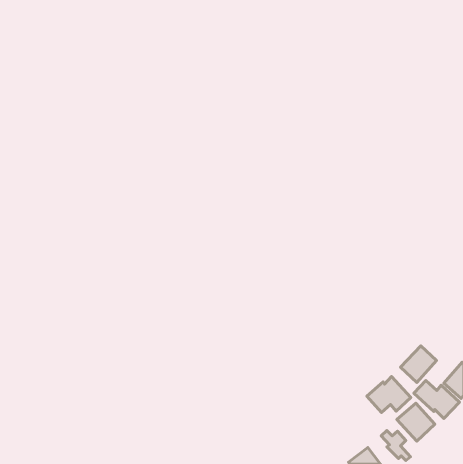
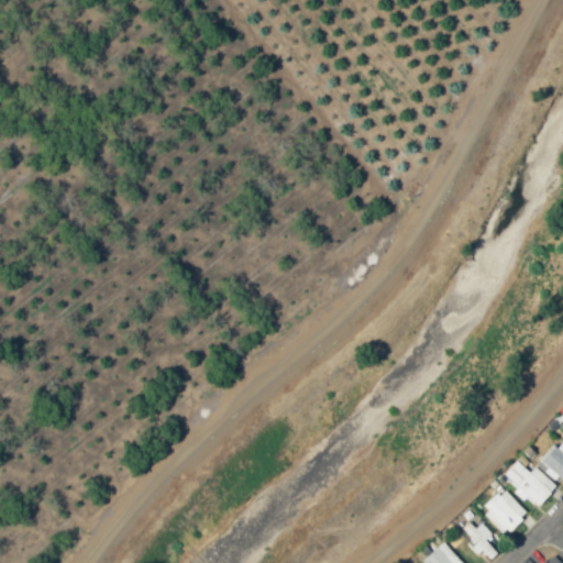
building: [401,346,436,382] -> none
building: [367,377,411,412] -> none

